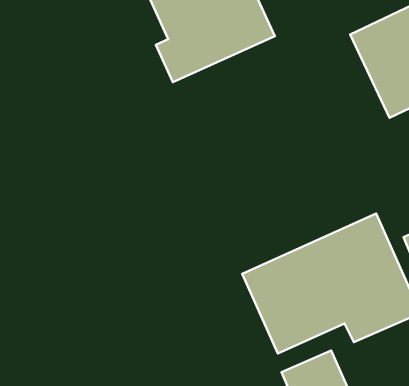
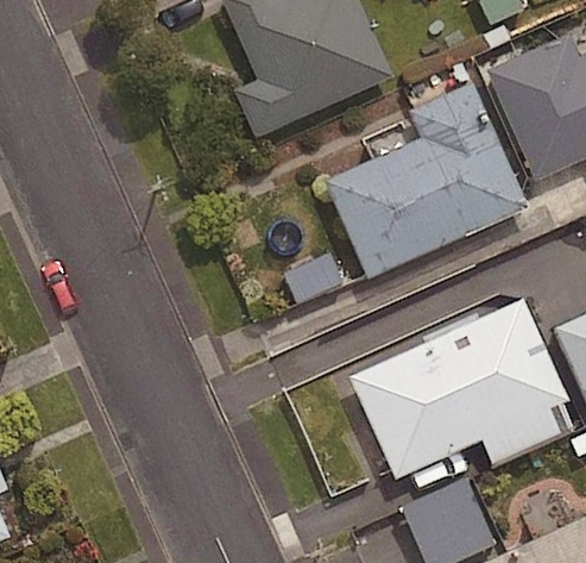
building: none -> [327,79,523,275]

